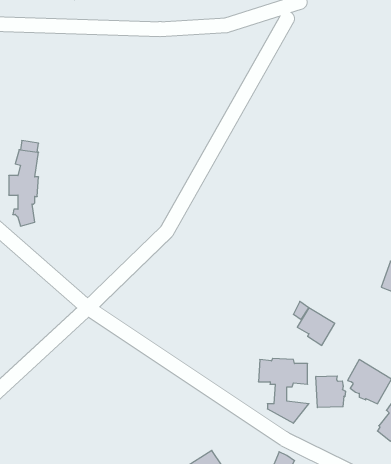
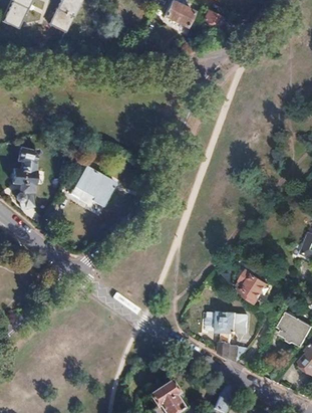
building: none -> [69,167,114,207]
building: [316,376,345,408] -> none

